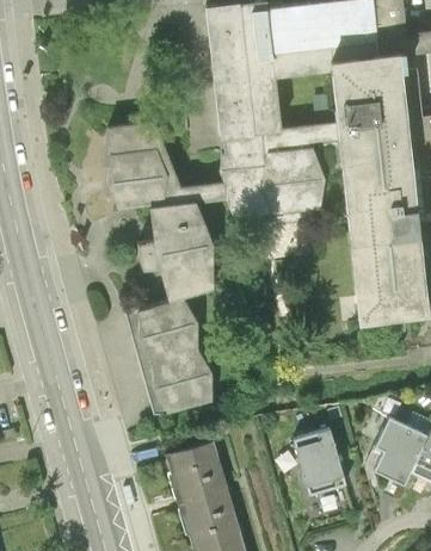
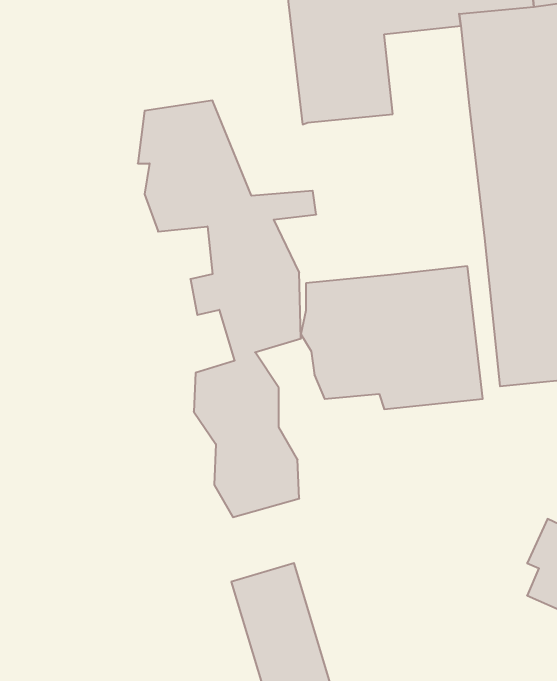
building: [218,125,346,225] -> [301,266,483,409]
building: [297,427,350,495] -> none

